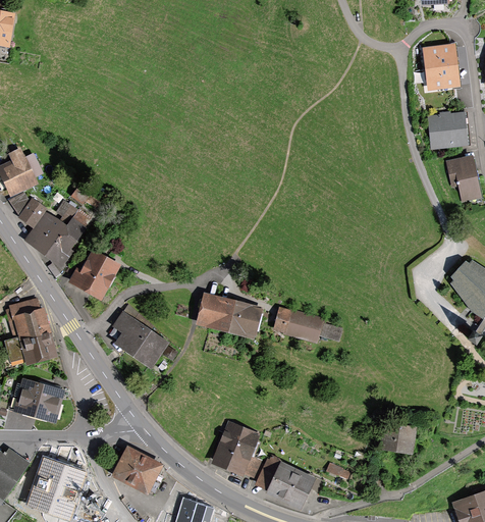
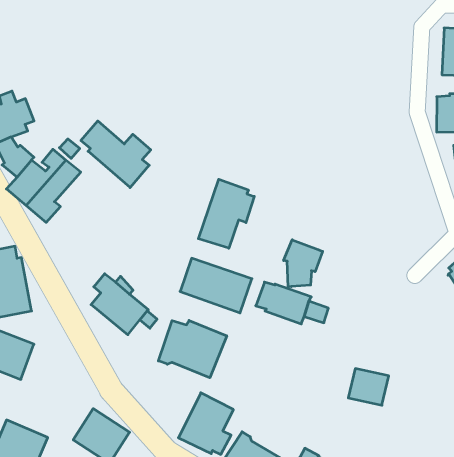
building: none -> [81,121,151,188]
building: none -> [198,179,254,248]
building: [68,248,120,303] -> none
building: none -> [284,240,323,287]
building: none -> [158,320,227,378]
building: [378,420,415,453] -> [348,369,389,405]

